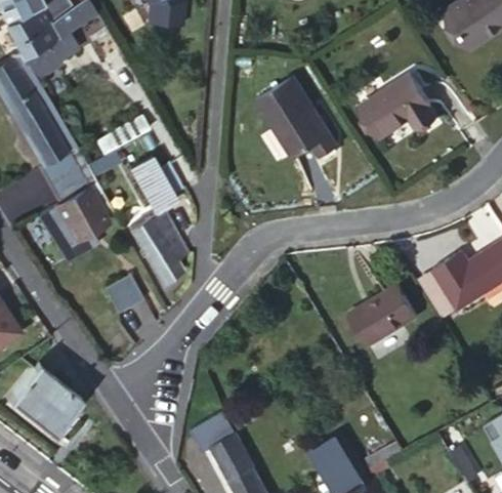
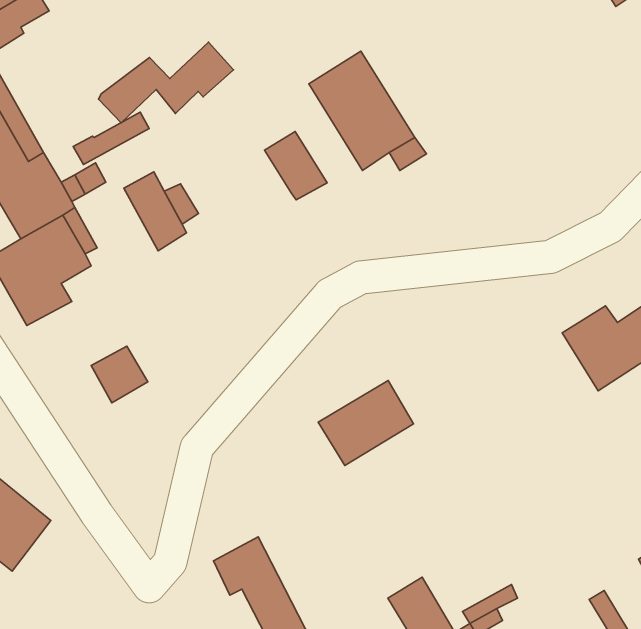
building: none -> [98,42,233,123]
building: [360,76,434,137] -> none
building: none -> [265,131,327,200]
building: [129,211,185,281] -> none
building: [348,286,414,344] -> [318,381,413,466]

